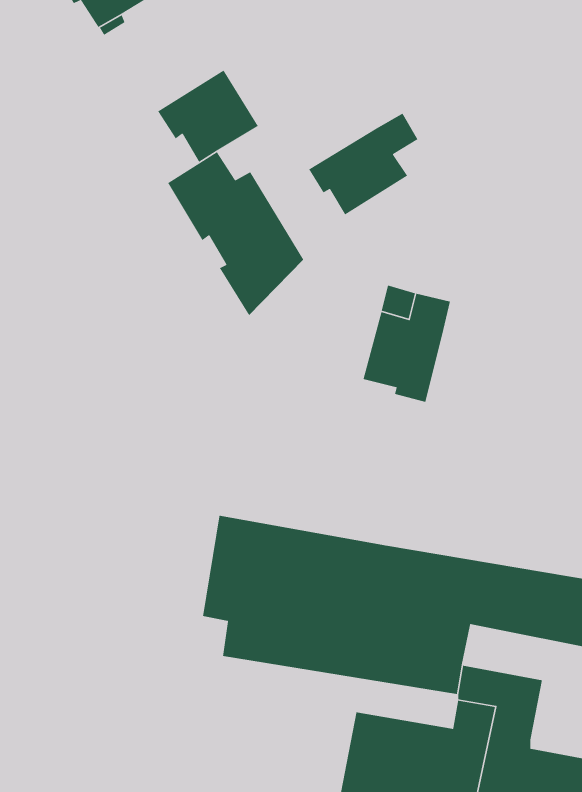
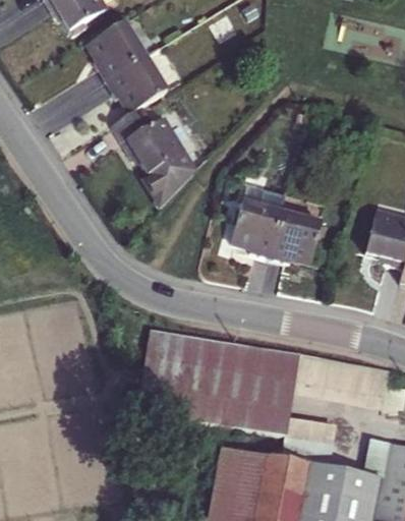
building: none -> [88,20,146,80]
building: [308,112,419,215] -> none
building: none -> [269,214,320,264]

